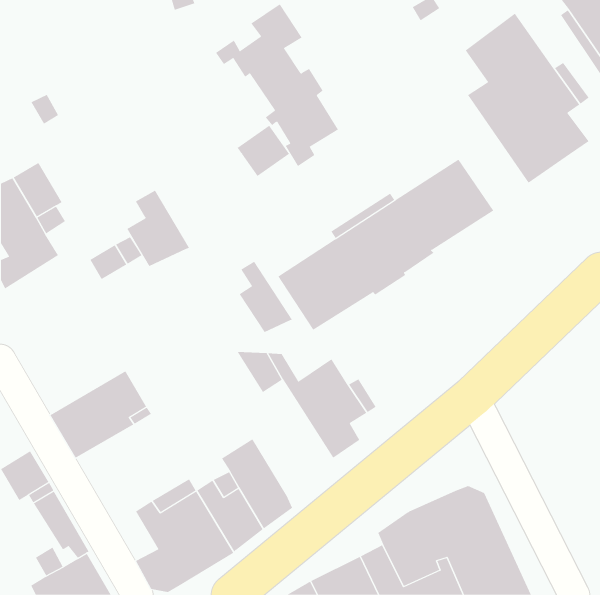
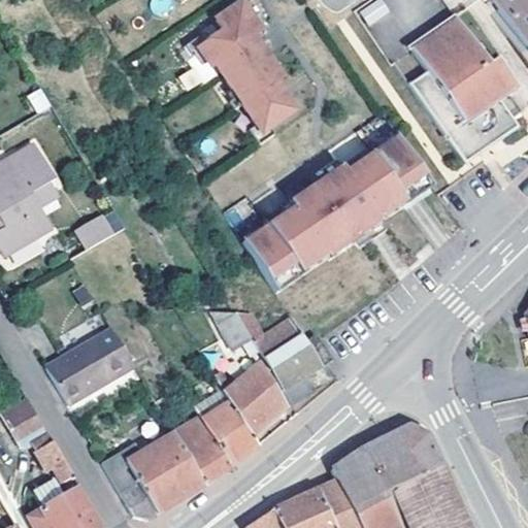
building: [237,125,290,177] -> none
building: [126,190,190,267] -> none
building: [239,261,293,333] -> none
building: none -> [214,360,287,434]

